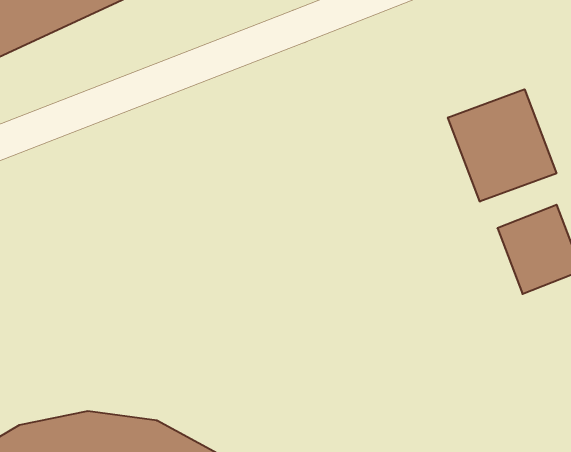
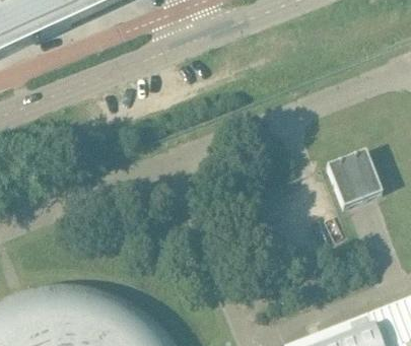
building: [448,89,556,202] -> none

